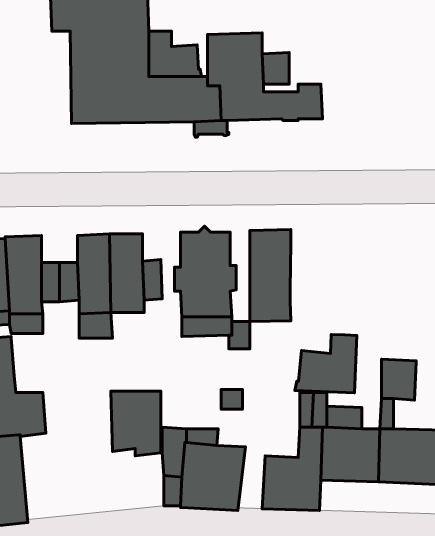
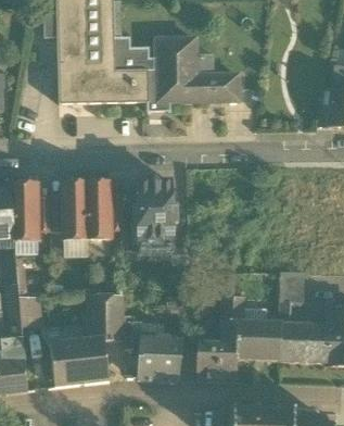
building: [250,230,291,321] -> none
building: [295,334,357,393] -> none
building: none -> [51,336,110,386]

